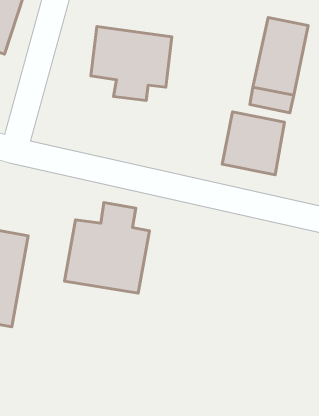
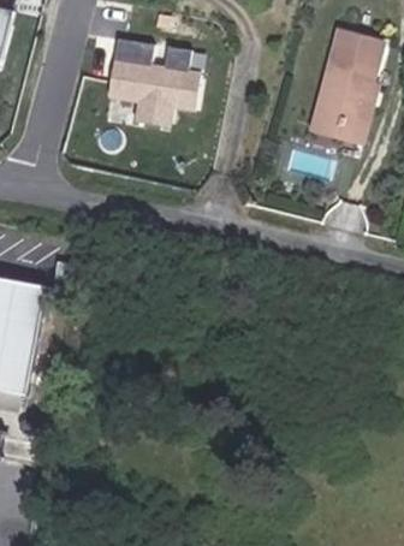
building: [222,112,284,175] -> none
building: [65,202,149,293] -> none

